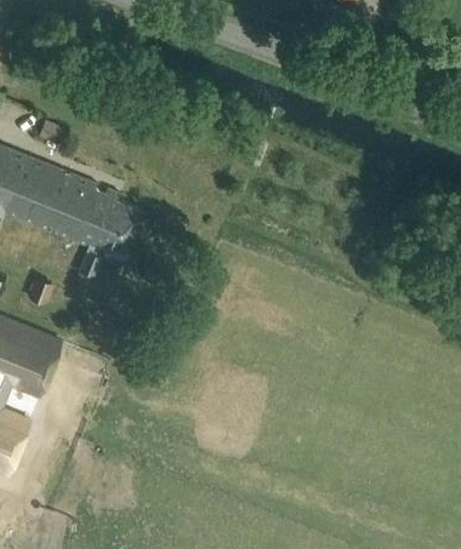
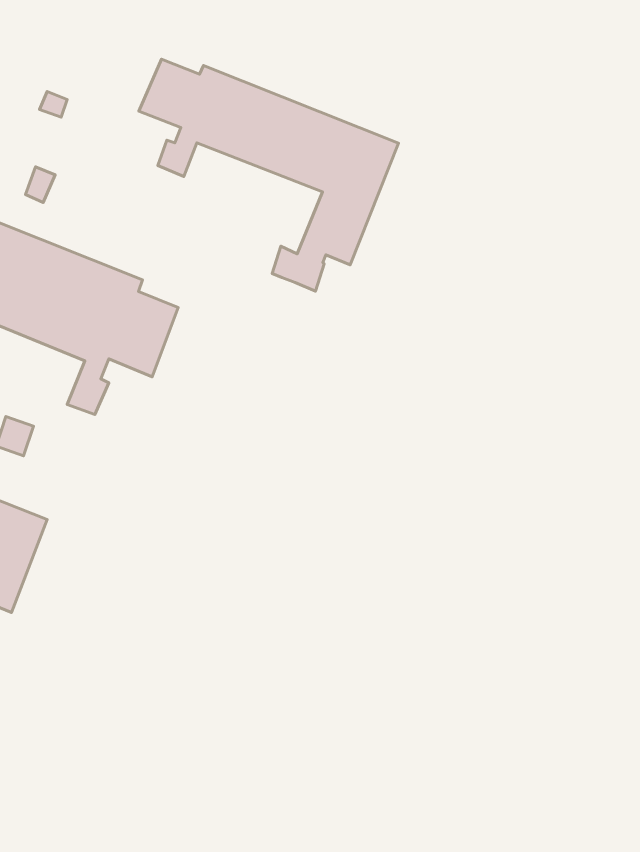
building: none -> [139,59,398,291]

